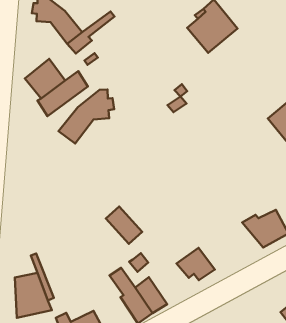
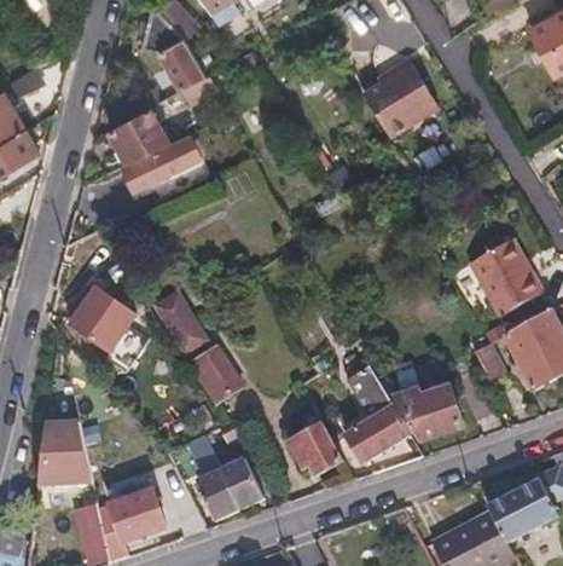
building: [59,89,114,144] -> none
building: none -> [152,290,208,356]
building: none -> [70,288,133,352]
building: none -> [344,366,410,463]

